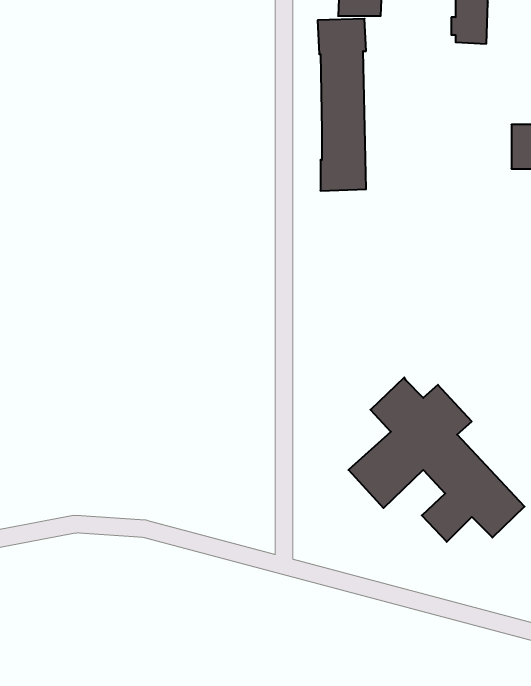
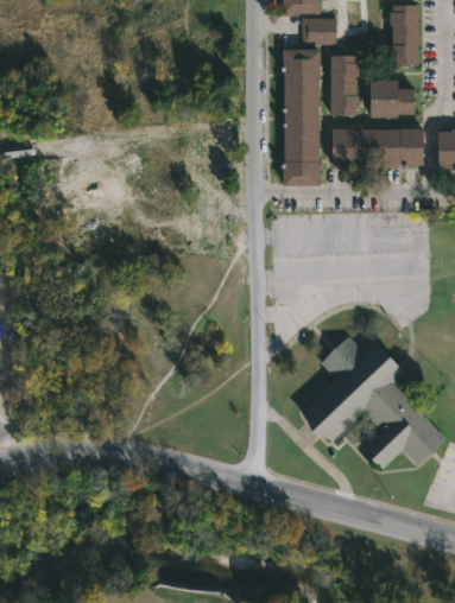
building: none -> [329,56,359,120]
building: none -> [369,81,415,119]
building: none -> [321,128,415,166]

